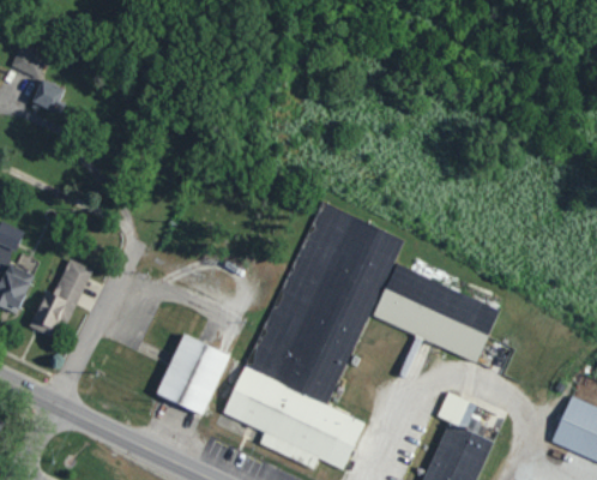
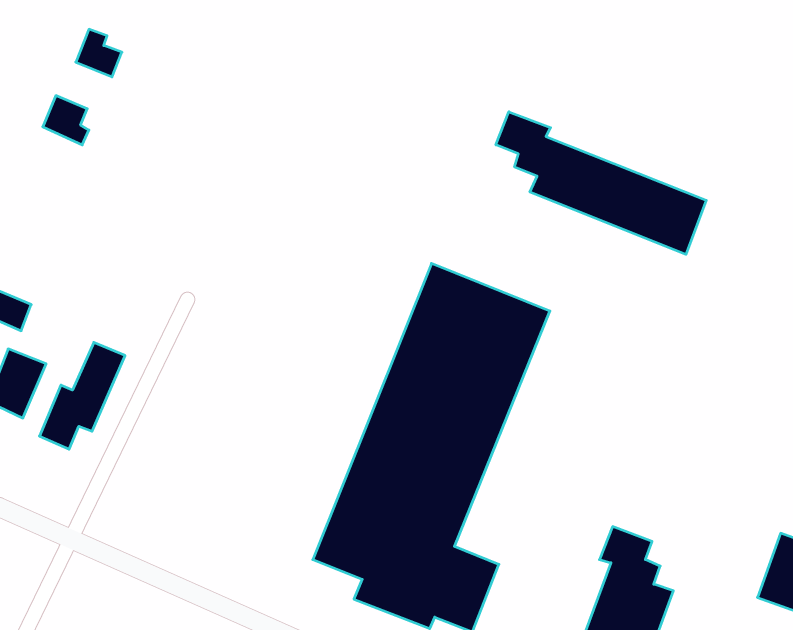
building: [13,42,47,77] -> [76,29,122,77]
building: none -> [496,112,706,254]
building: [373,264,500,360] -> none
building: [157,334,229,414] -> none

